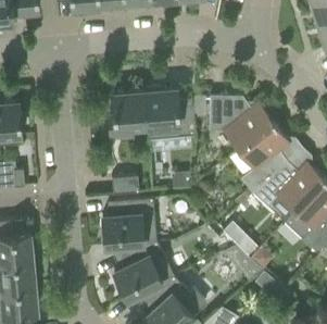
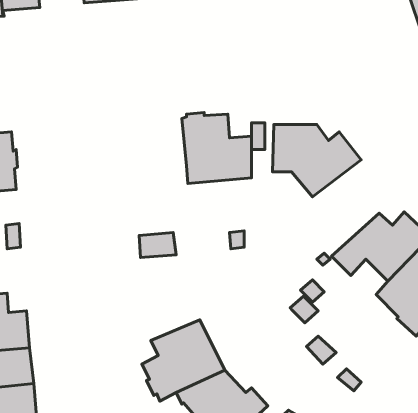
building: [109,92,147,137] -> none
building: [239,123,290,194] -> none
building: [101,199,156,256] -> none

